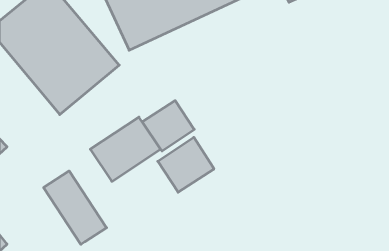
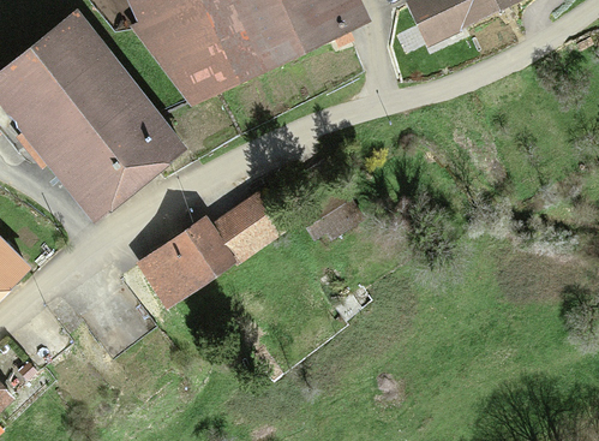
building: [158,137,214,192] -> none
building: [44,171,107,244] -> none

